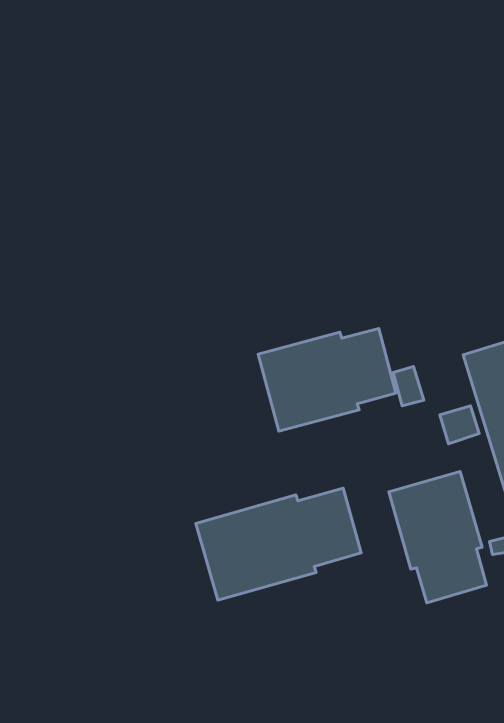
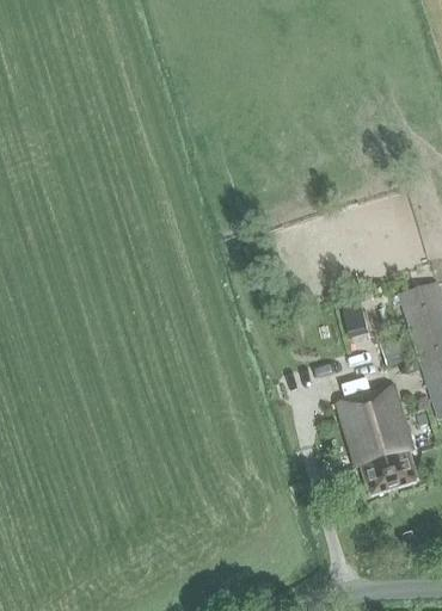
building: [258,329,396,431] -> none
building: [196,488,361,600] -> none

